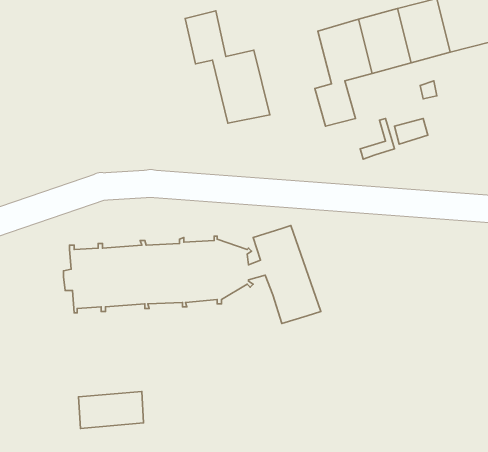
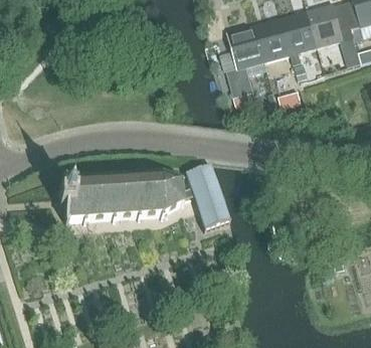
building: [185,11,270,123] -> none
building: [78,391,144,428] -> none

